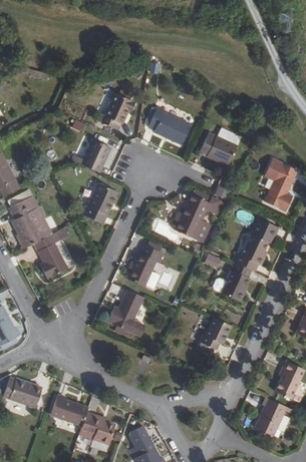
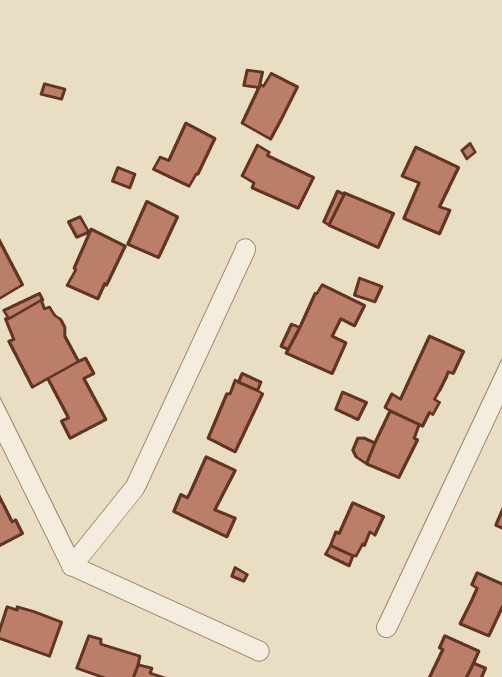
building: none -> [242,74,298,139]
building: [263,160,296,211] -> [402,147,458,234]
building: [83,184,117,225] -> [67,229,125,299]

